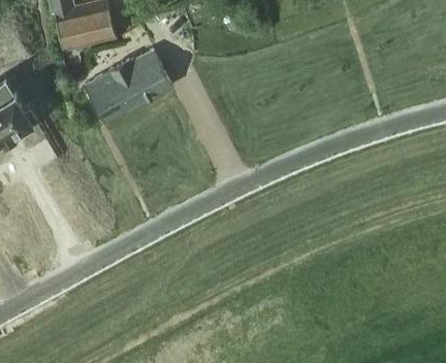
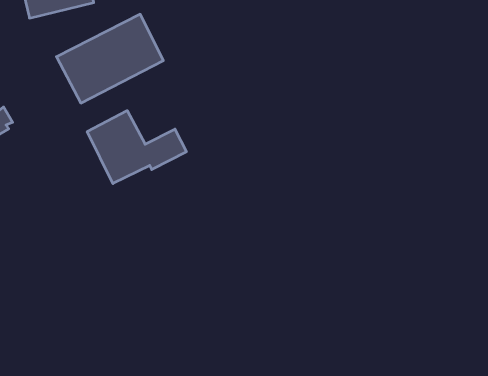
building: none -> [87,111,186,184]

